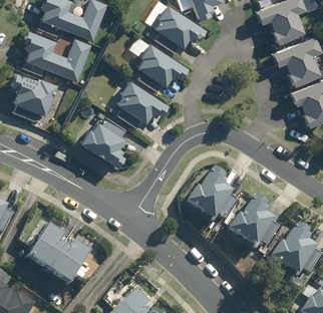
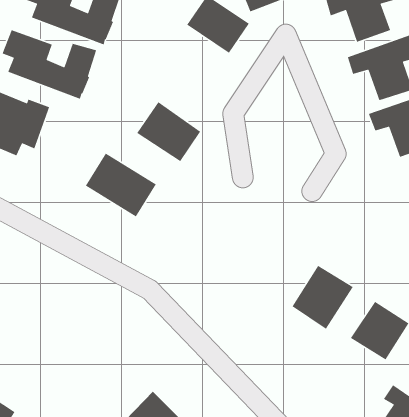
building: [138,40,185,83] -> none
building: [188,172,233,219] -> none
building: [29,225,92,284] -> none

